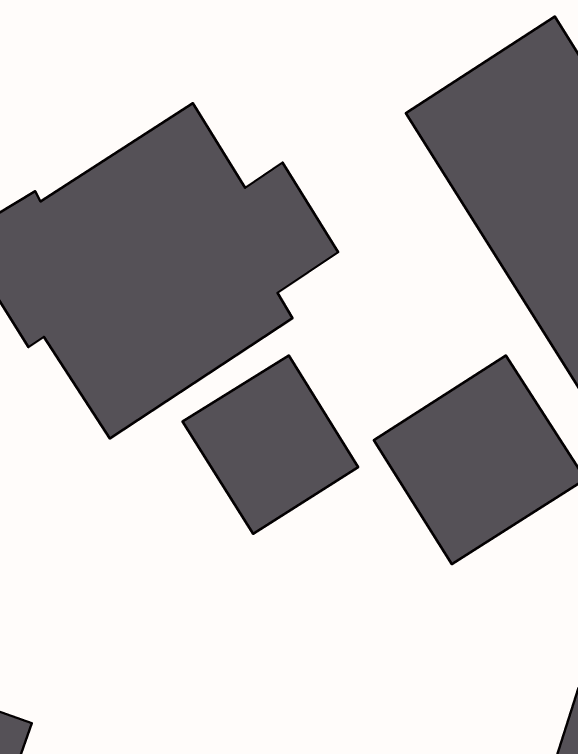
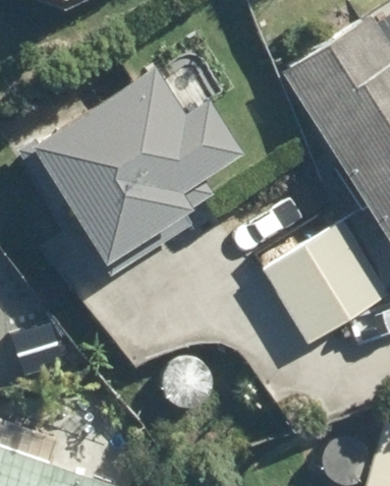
building: [183,356,358,534] -> none

